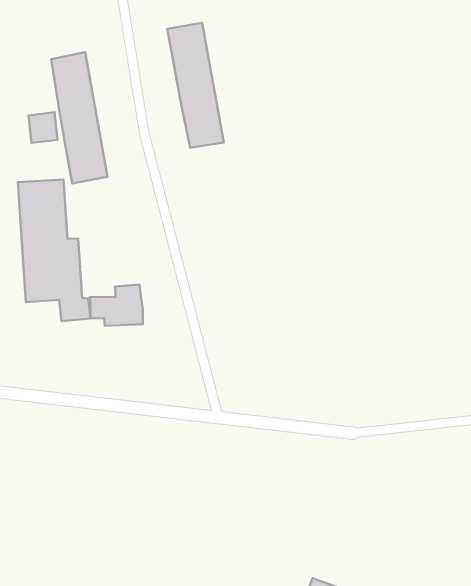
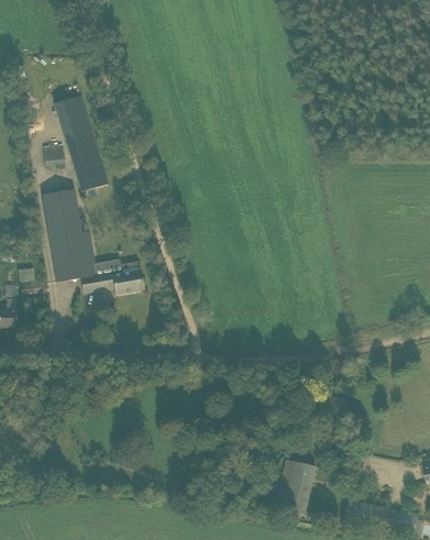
building: [167,23,224,148] -> none

